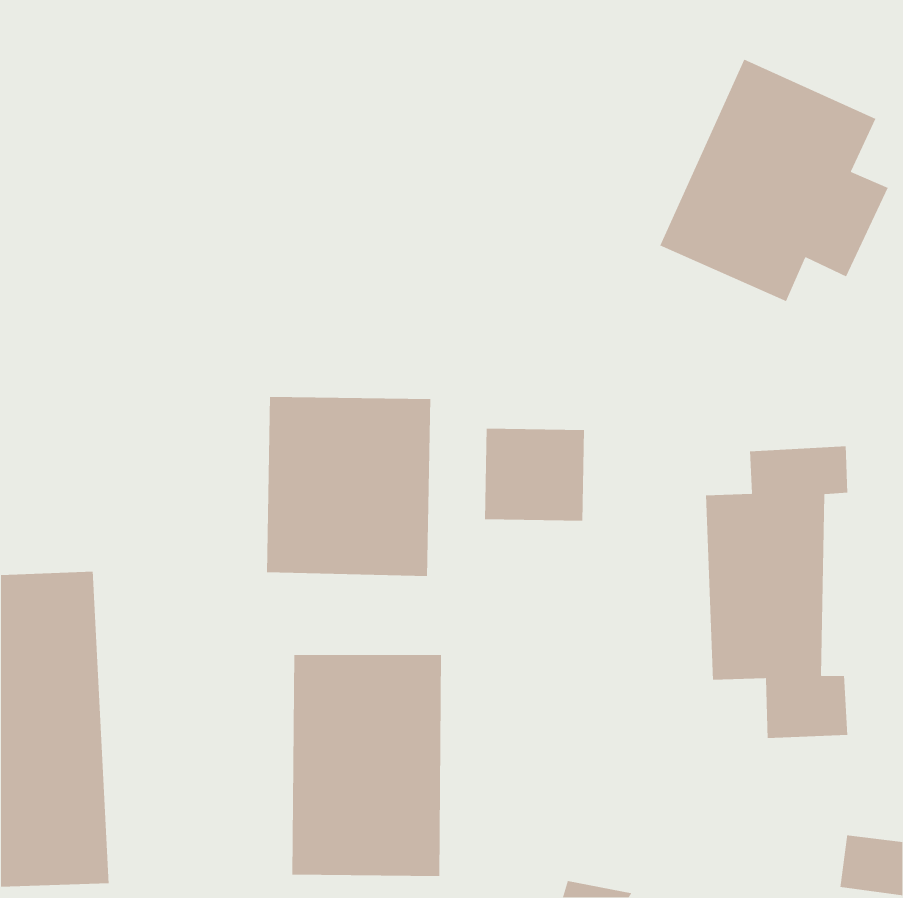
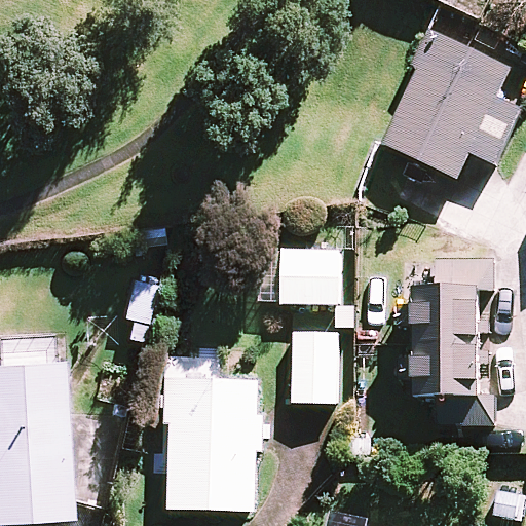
building: [266,396,431,577] -> none
building: none -> [293,330,342,402]

